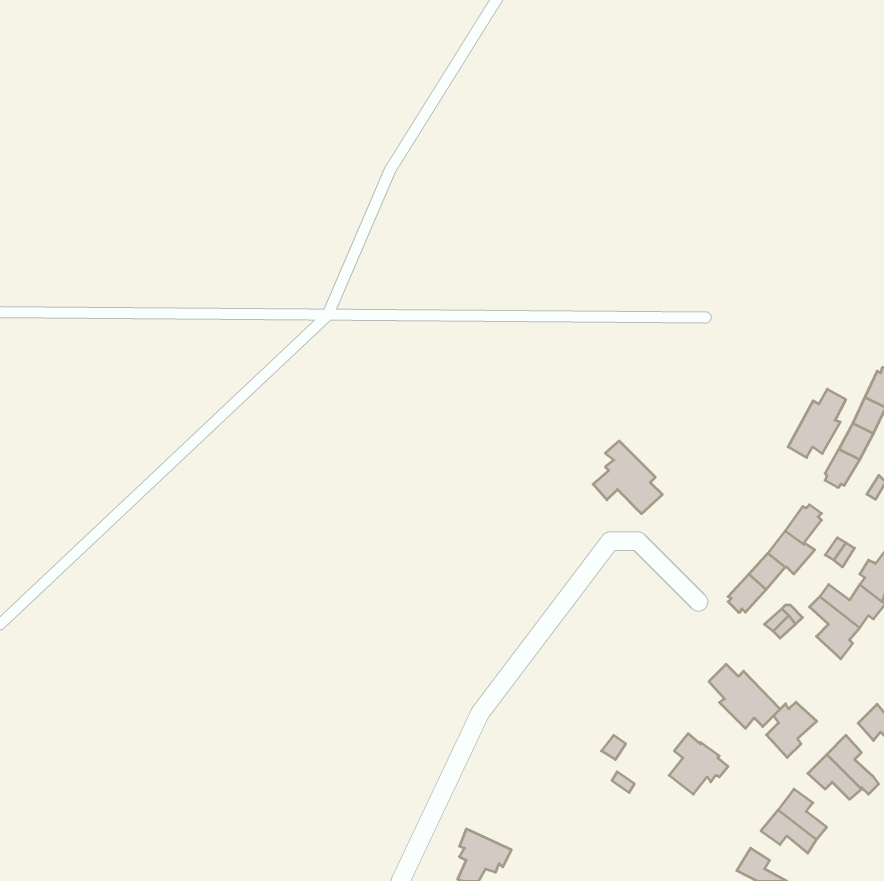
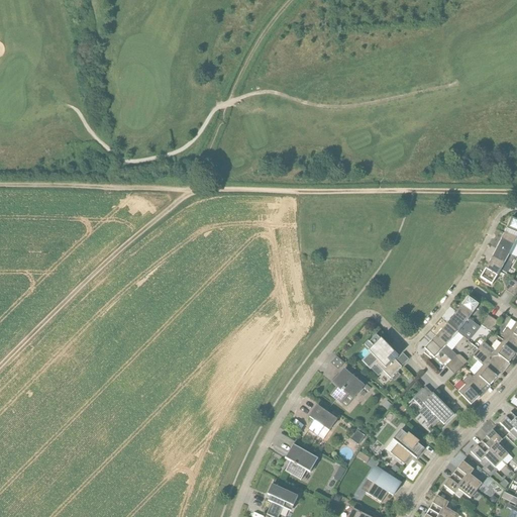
building: [788,389,846,458] -> none
building: [593,441,662,514] -> [363,333,403,376]
building: none -> [332,368,365,401]
building: none -> [309,404,337,434]
building: [766,702,817,758] -> [459,371,489,403]
building: none -> [286,442,319,479]
building: none -> [367,466,402,501]

